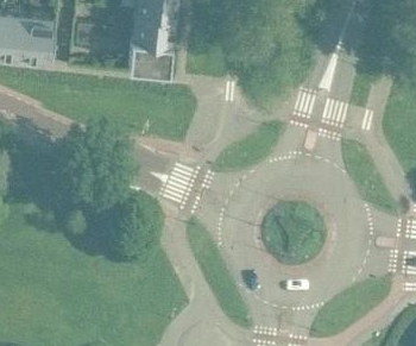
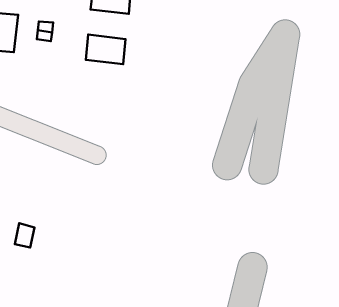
building: [130,15,174,48] -> none

